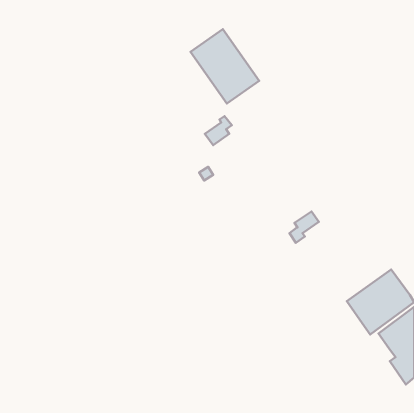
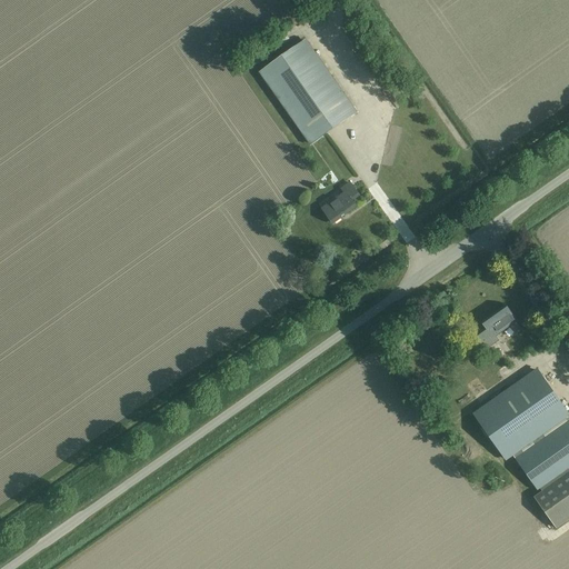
building: [205,116,232,145] -> [322,182,359,222]
building: [290,211,319,243] -> [476,306,516,349]

